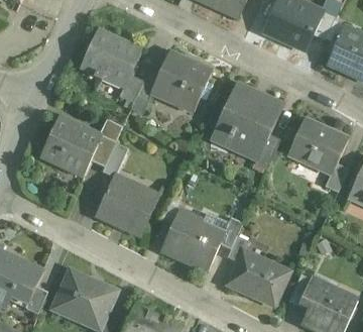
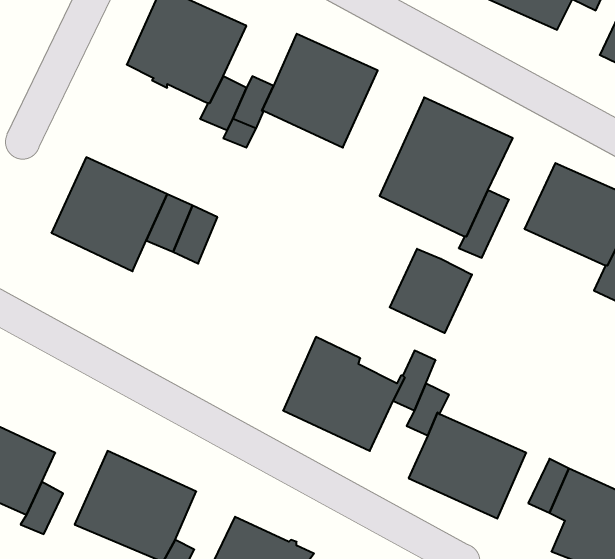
building: none -> [390,249,472,333]
building: [96,176,157,234] -> none

